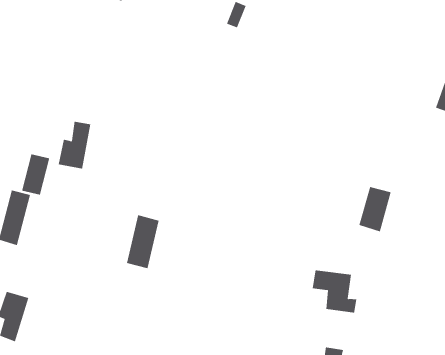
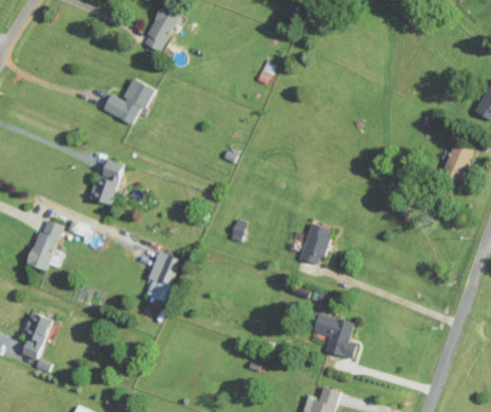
building: none -> [102,78,153,126]
building: [21,153,50,196] -> none
building: [358,186,391,232] -> [299,223,332,266]

